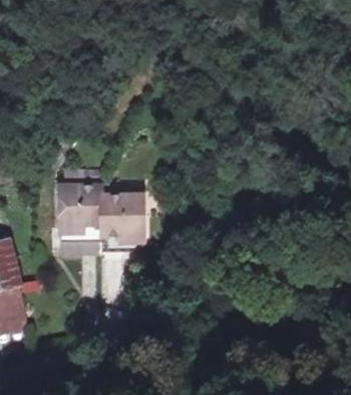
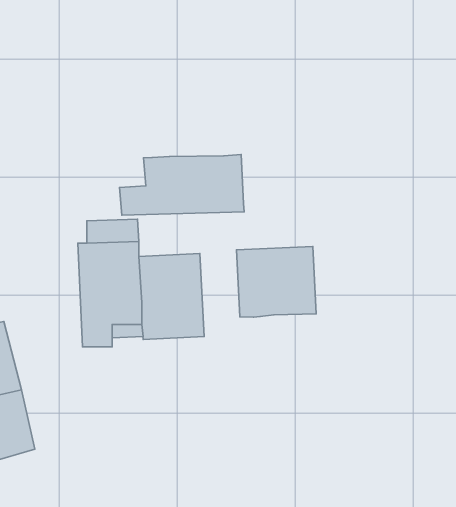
building: none -> [120,155,244,215]
building: none -> [236,246,316,317]

